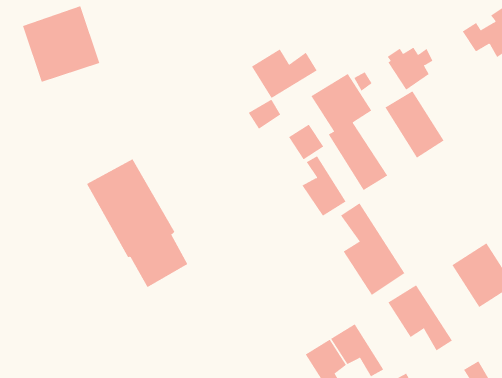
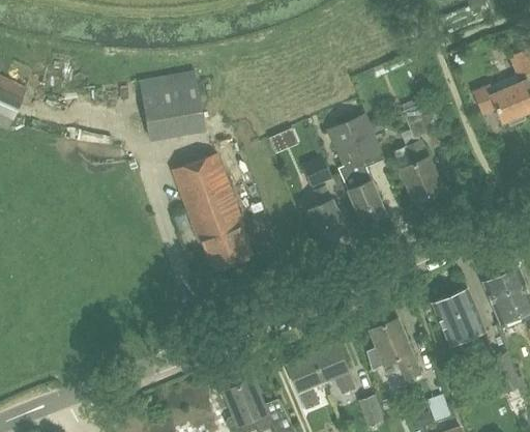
building: [22,5,100,83] -> [140,71,205,136]
building: [251,48,318,99] -> none
building: [86,158,188,288] -> [172,153,253,272]
building: [340,203,405,296] -> none

